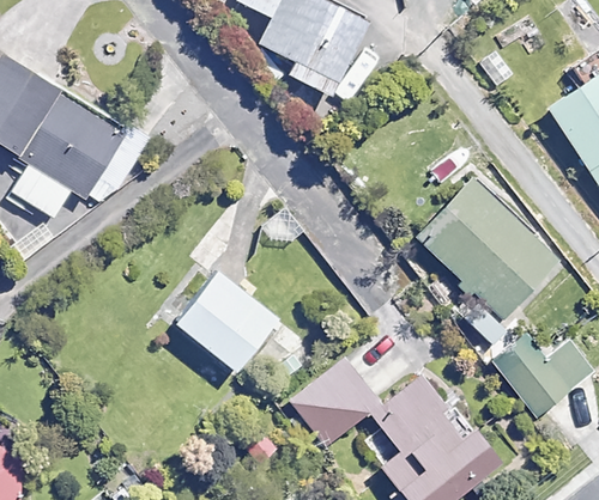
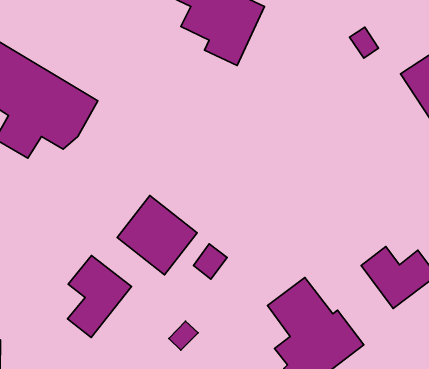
building: [418,181,558,319] -> none
building: none -> [67,255,132,338]
building: [291,358,380,445] -> none

